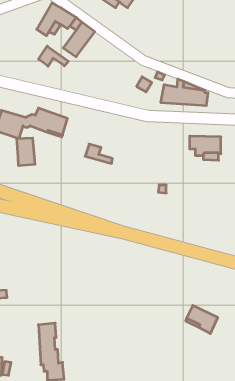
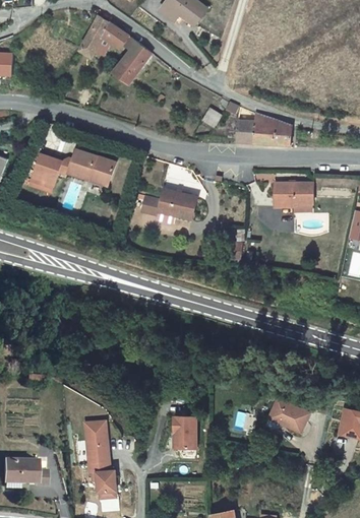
building: [39,46,68,66] -> none
building: [17,138,35,166] -> none
building: none -> [158,188,196,217]
building: none -> [172,415,194,448]

